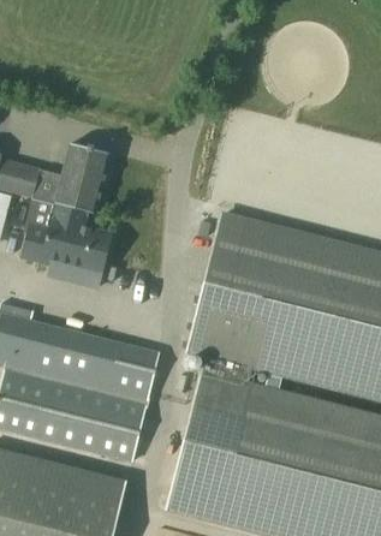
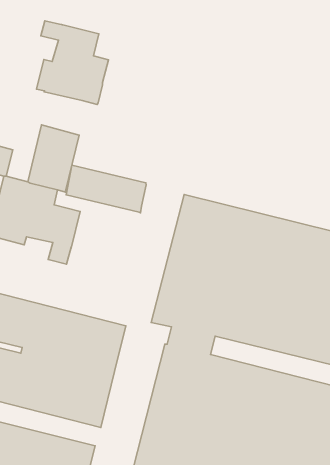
building: none -> [36,21,109,104]
building: none -> [66,165,146,213]

